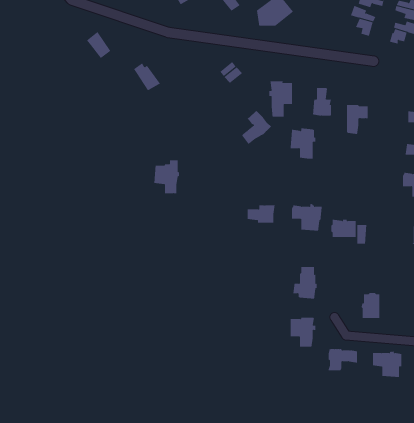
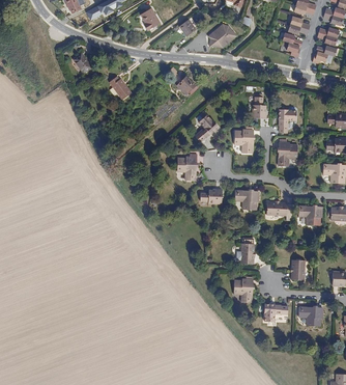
building: [269,81,293,118] -> none
building: none -> [277,142,297,167]
building: [154,160,180,194] -> [176,154,197,181]
building: none -> [297,204,322,226]

